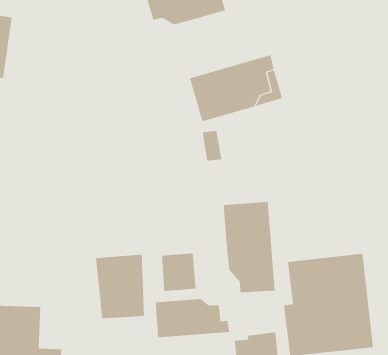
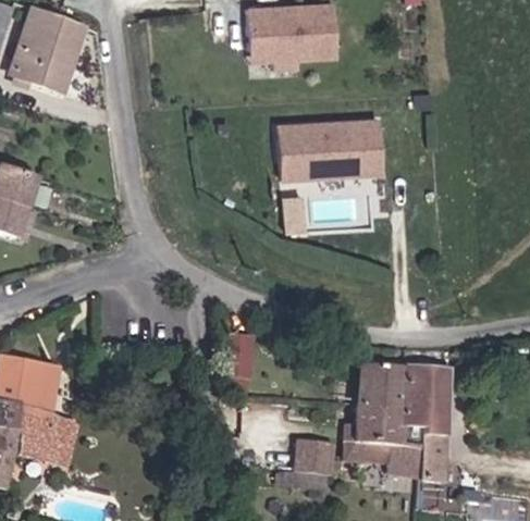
building: [223,201,275,293] -> none
building: [95,254,145,319] -> none
building: [155,298,230,338] -> none

